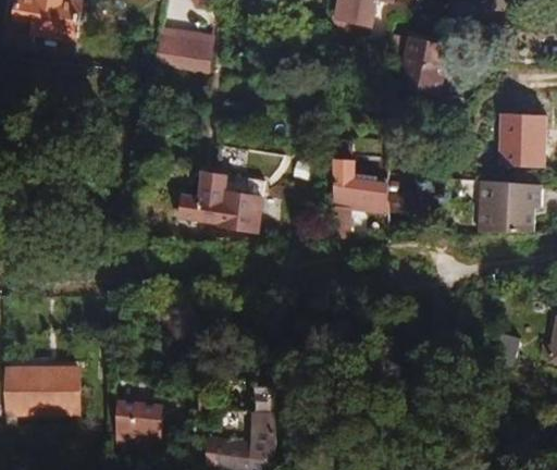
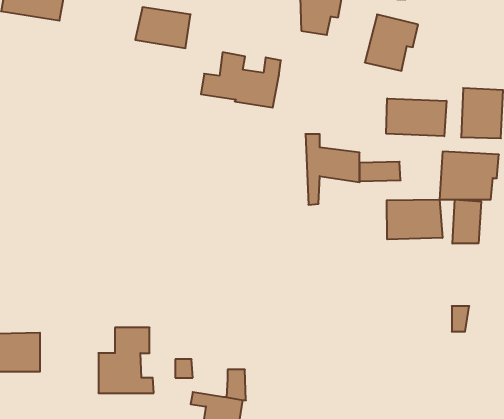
building: none -> [386,98,446,136]
building: [181,172,265,231] -> [201,52,281,108]
building: none -> [387,200,442,239]
building: none -> [452,200,481,244]
building: [52,352,82,415] -> none

